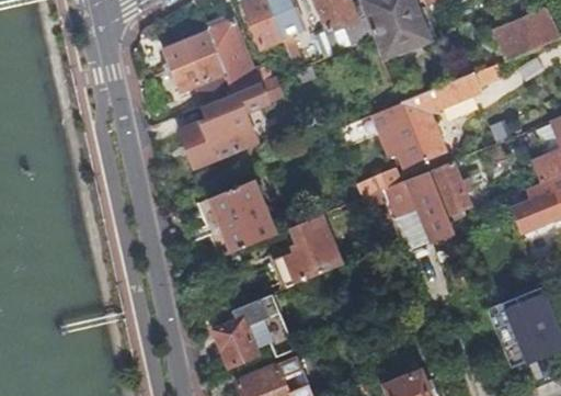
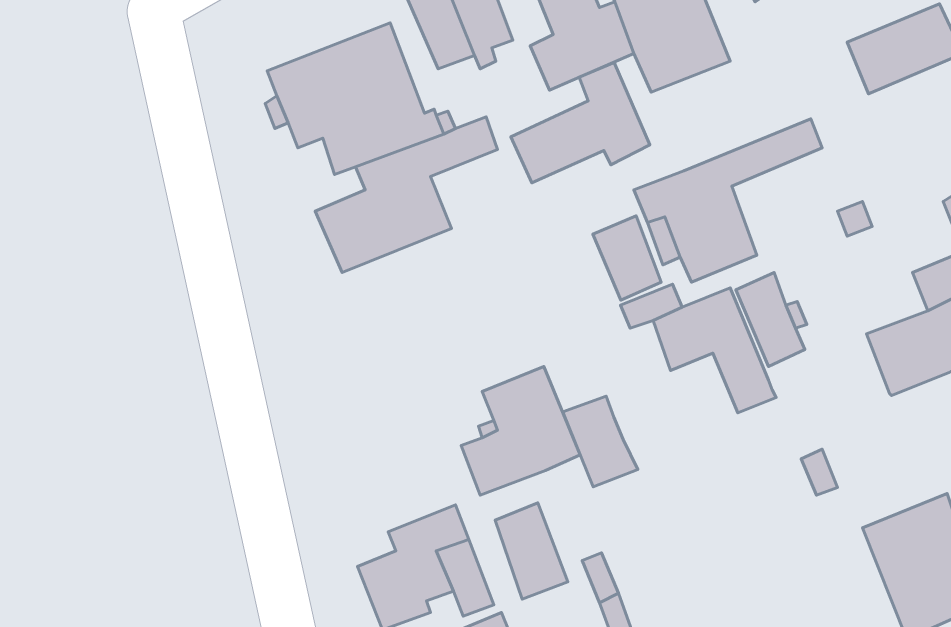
building: none -> [511,62,650,183]
building: none -> [593,216,661,300]
building: [197,179,275,257] -> none
building: none -> [563,396,638,487]
building: none -> [495,503,568,599]

